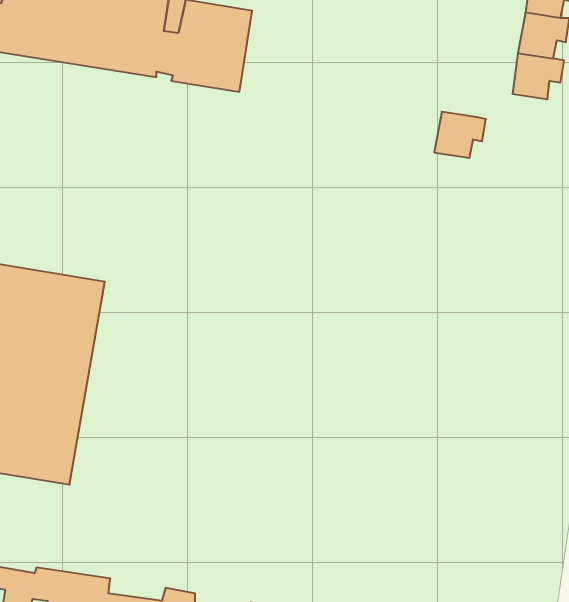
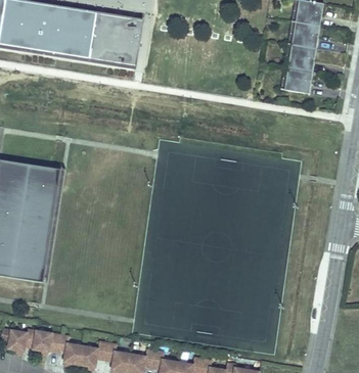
building: [434,112,486,158] -> [285,66,314,92]

